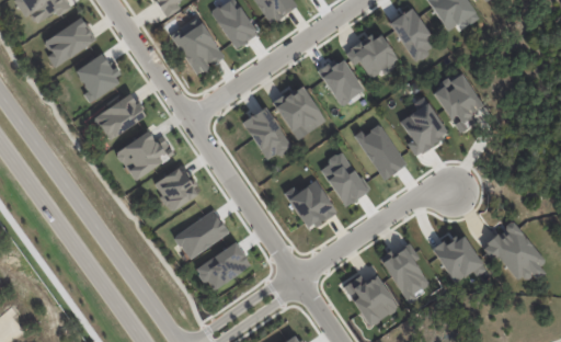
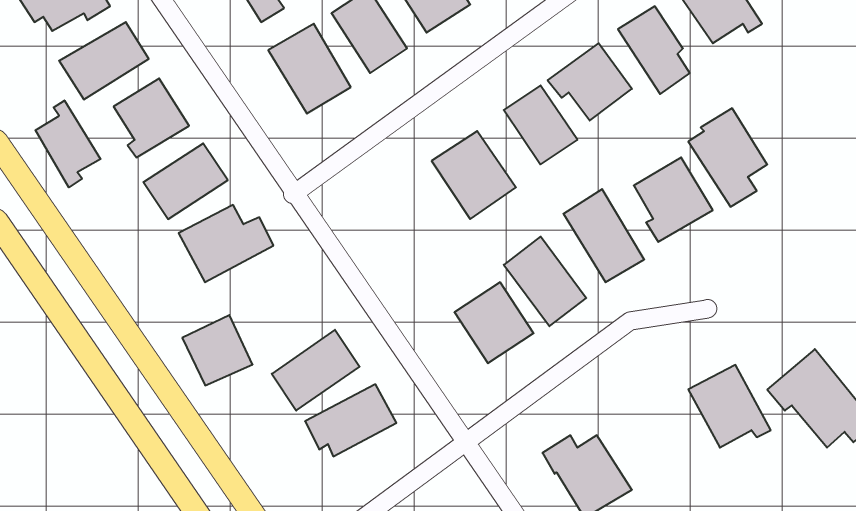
building: none -> [35,100,101,187]
building: [245,107,289,160] -> none
building: [154,167,198,210] -> [182,315,253,385]
building: [383,244,430,299] -> none

